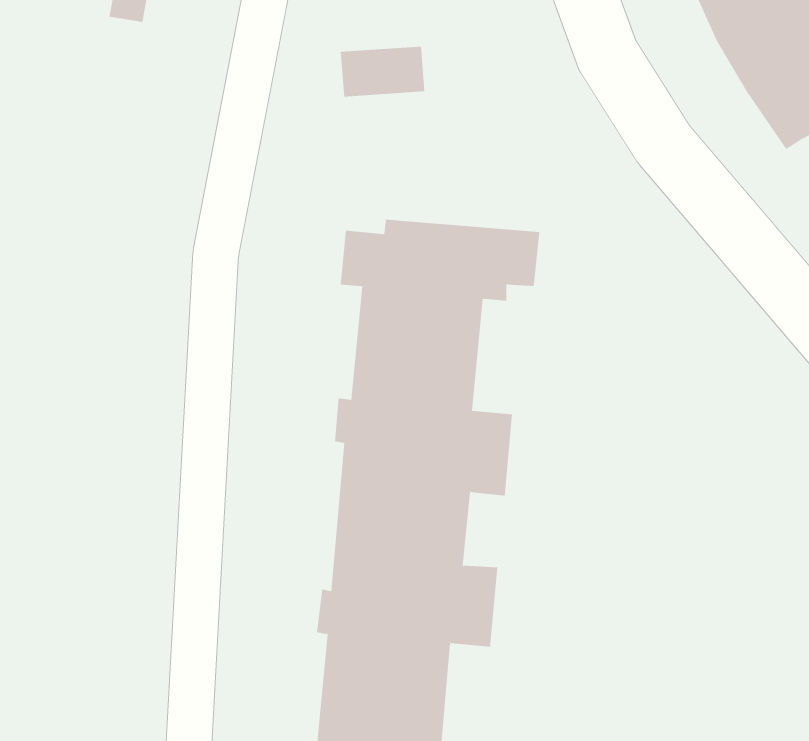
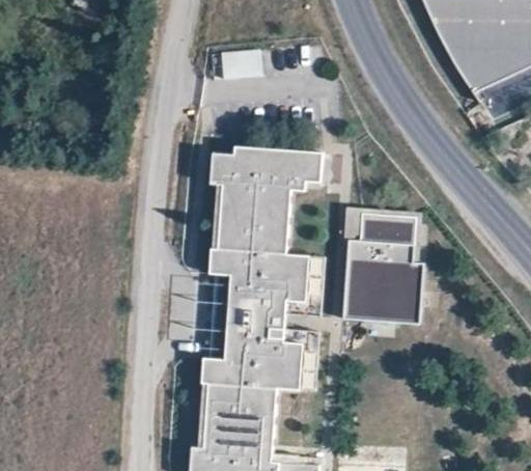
building: none -> [343,214,426,326]

